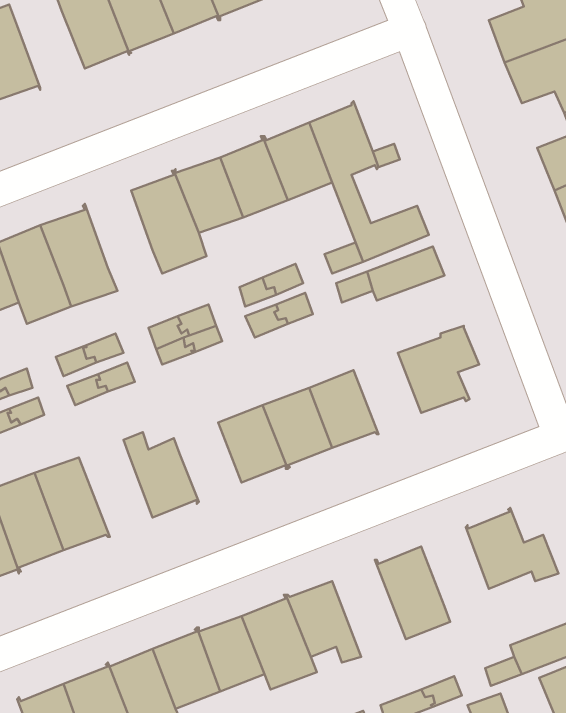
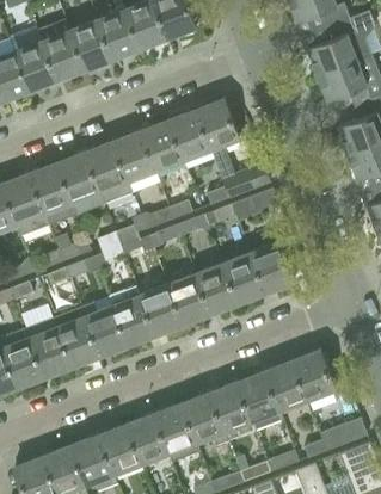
building: none -> [16,42,57,89]
building: none -> [57,153,99,200]
building: none -> [223,253,265,303]
building: none -> [109,285,154,345]
building: none -> [54,307,99,366]
building: none -> [265,360,307,409]
building: none -> [210,381,252,440]

